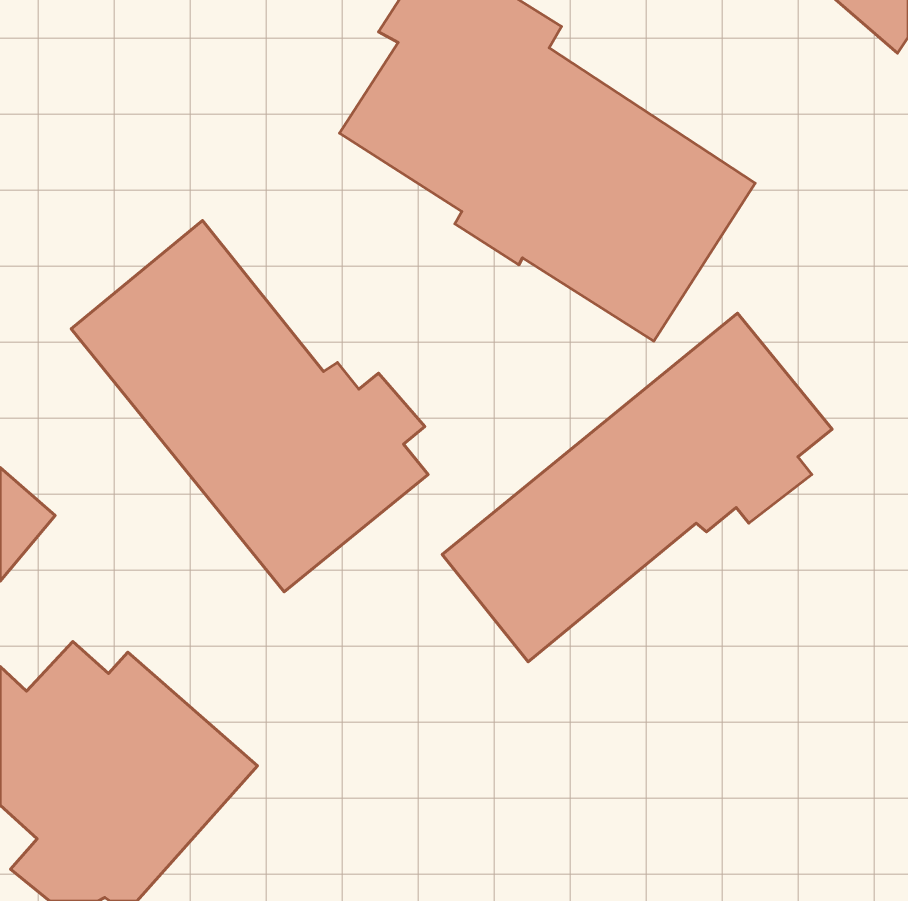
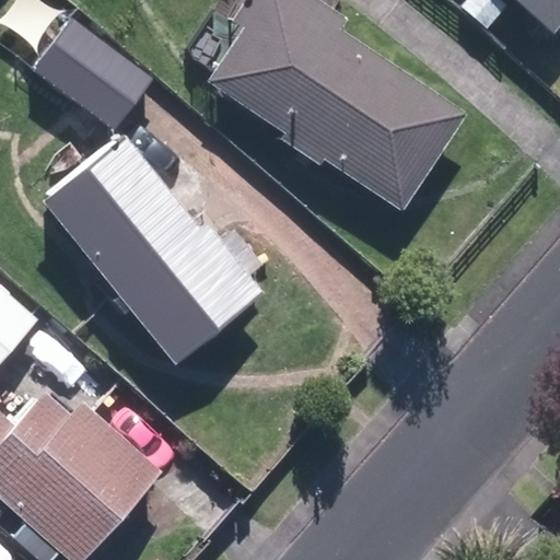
building: none -> [32,15,153,129]
building: [442,313,832,662] -> none

